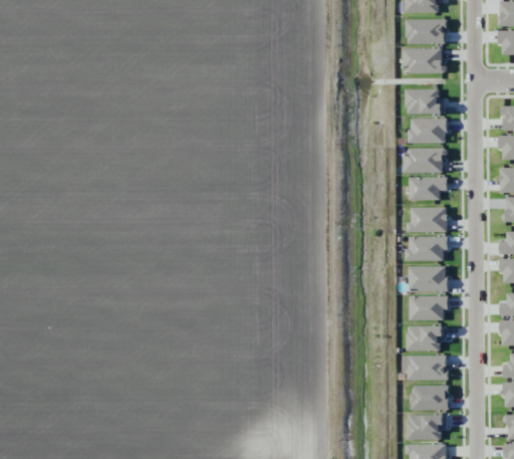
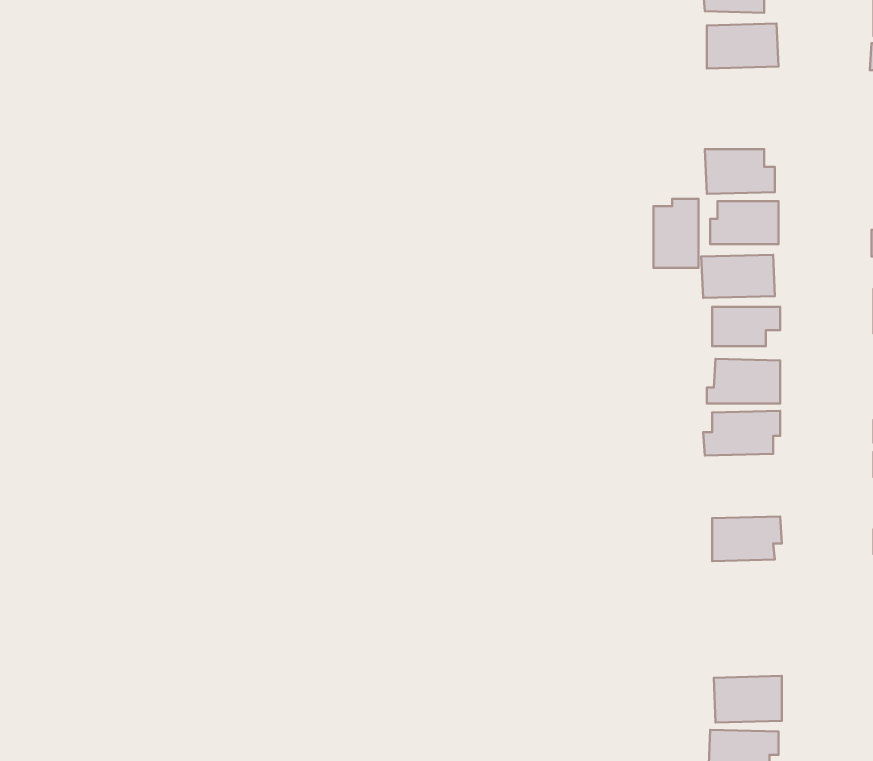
building: [404,48,444,73] -> none
building: none -> [654,199,699,268]
building: [410,266,448,291] -> none
building: [408,325,447,352] -> none
building: [404,356,448,381] -> none

